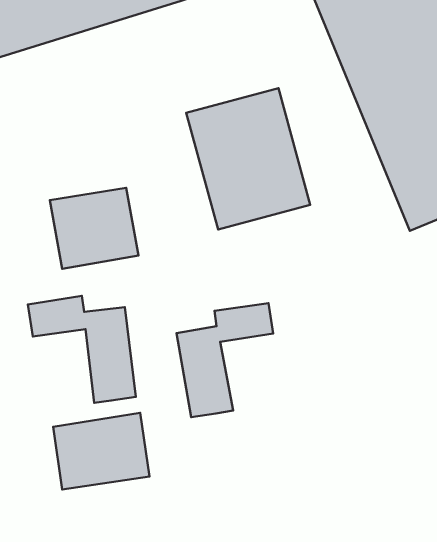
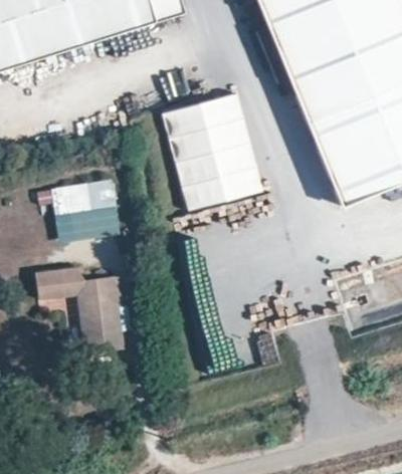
building: [176,303,273,417] -> none
building: [53,413,150,490] -> none

